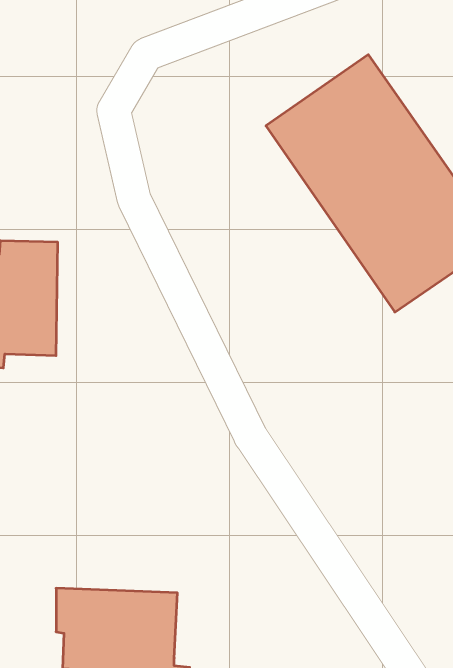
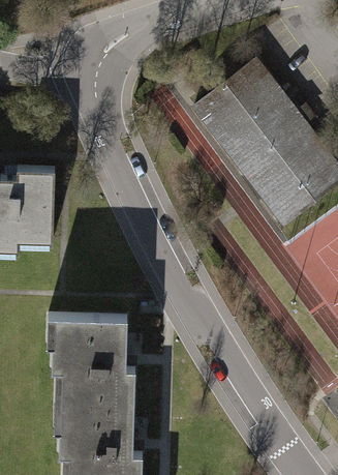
building: none -> [45,317,134,407]

